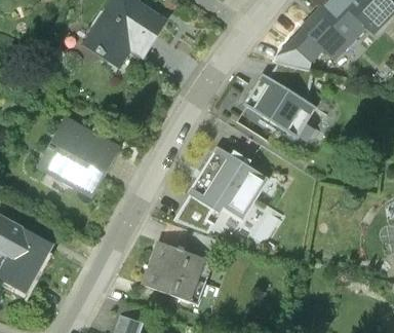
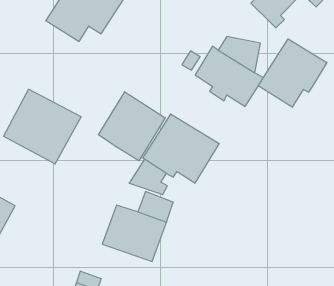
building: [287,28,322,63] -> none
building: none -> [258,39,327,107]
building: none -> [98,92,165,161]

